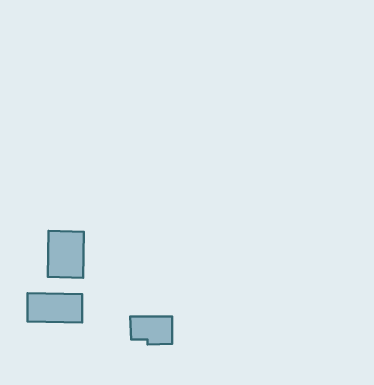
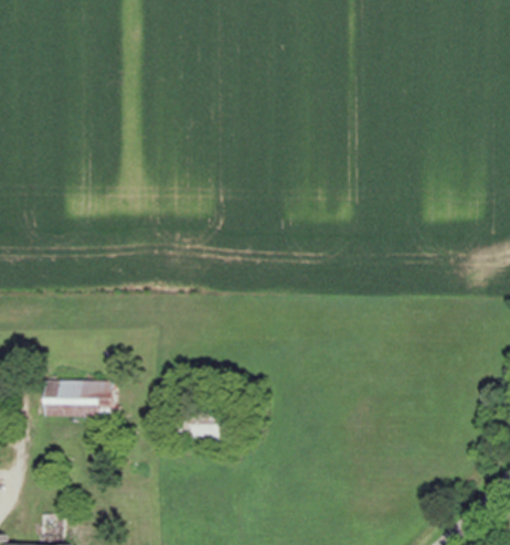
building: [48,231,84,278] -> none

